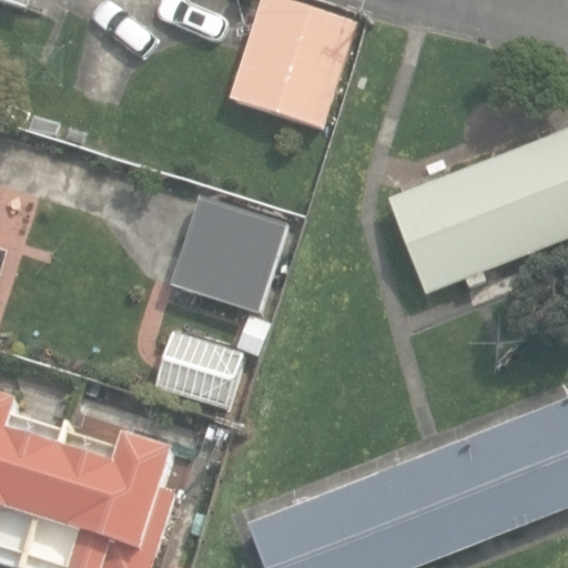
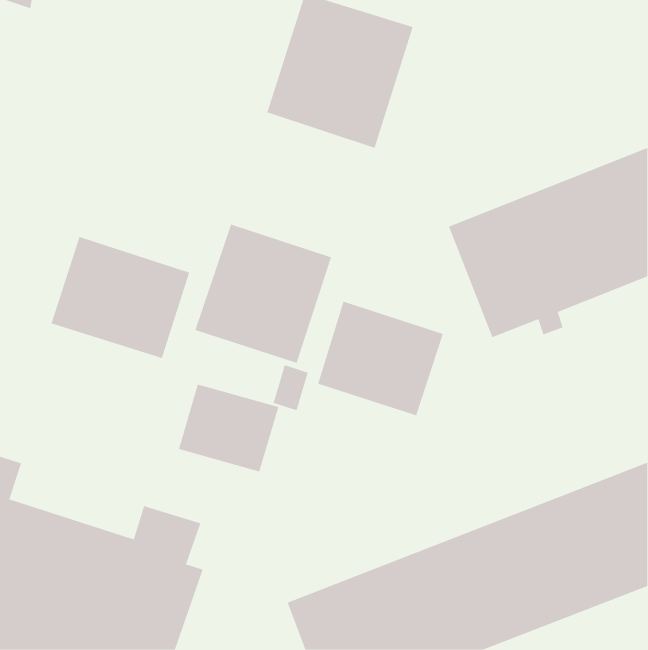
building: none -> [51,236,190,359]
building: none -> [317,301,443,416]

